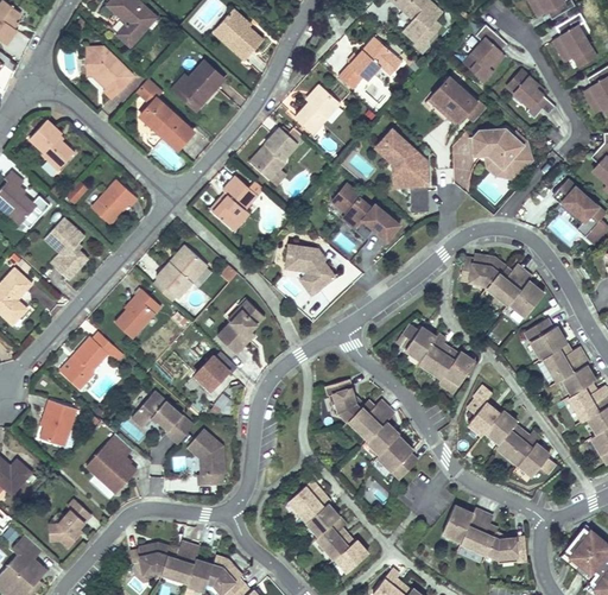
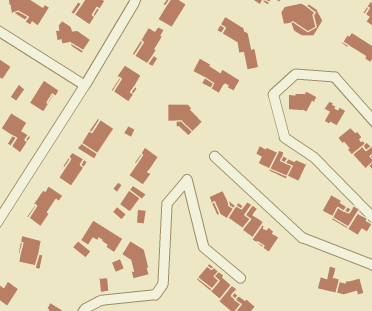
building: [487,268,521,304] -> none
building: [468,398,500,433] -> none
building: [86,433,137,492] -> none
building: [444,505,483,540] -> none

